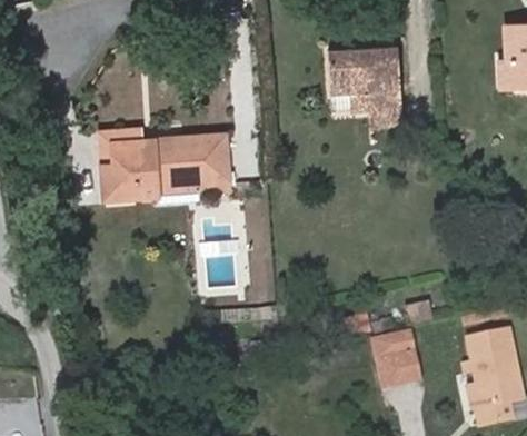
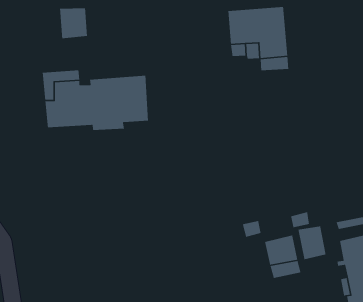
building: none -> [59,7,88,39]
building: none -> [297,226,327,260]

